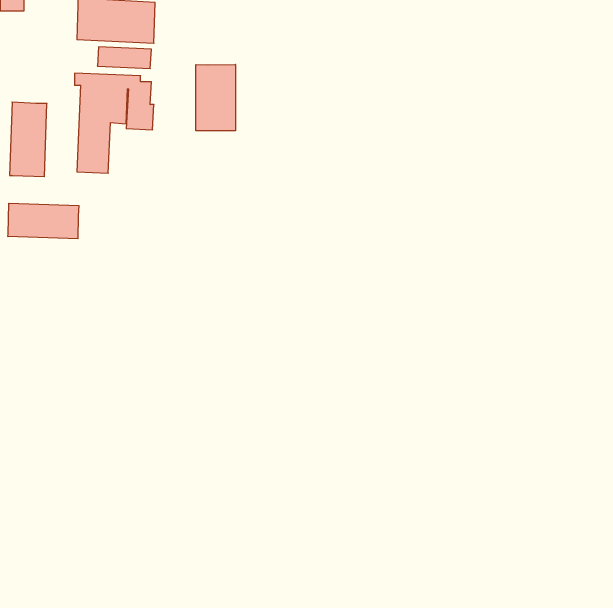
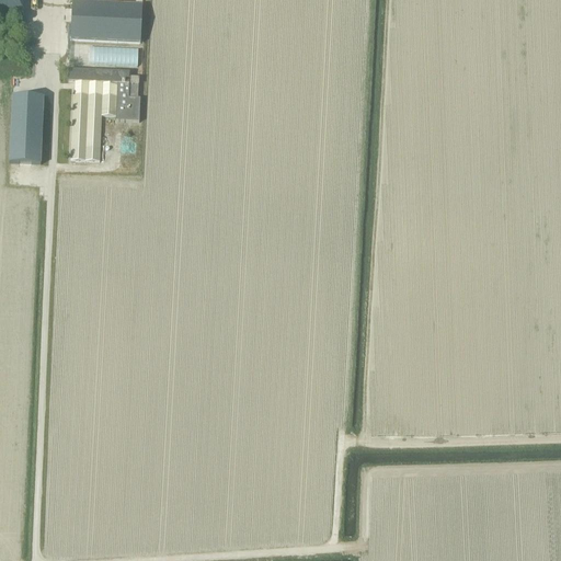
building: [196,64,235,131] -> none
building: [8,203,79,239] -> none

